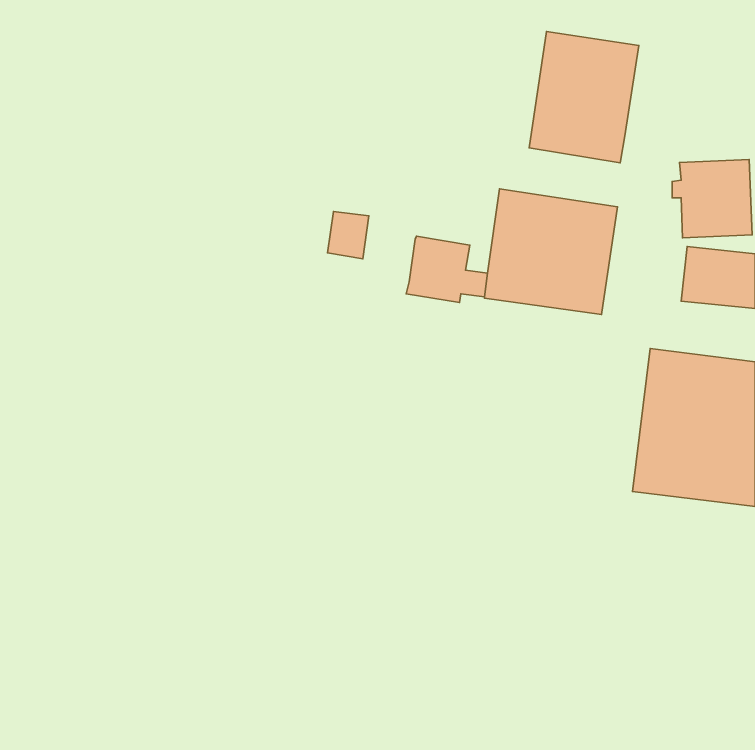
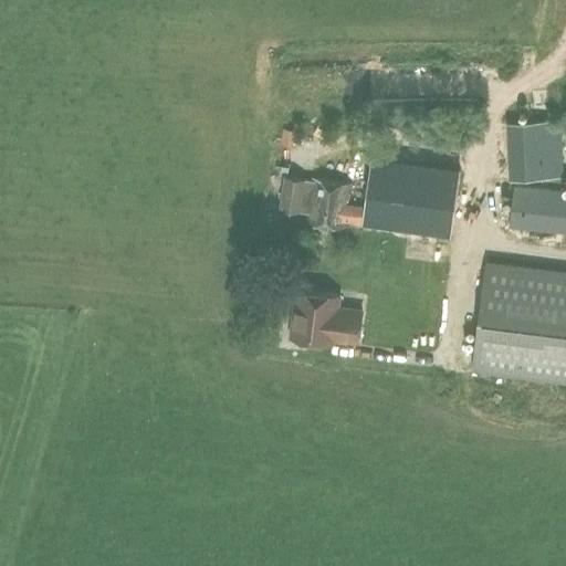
building: [529,32,639,163] -> none
building: [328,212,369,259] -> [280,179,311,214]
building: none -> [292,292,363,345]

